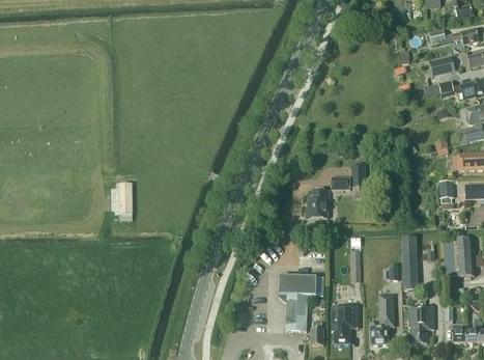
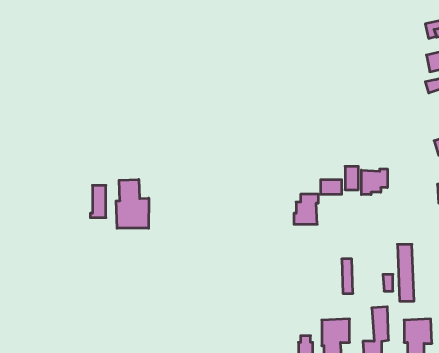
building: none -> [361,169,387,195]
building: none -> [116,179,149,228]
building: [279,275,316,331] -> none

